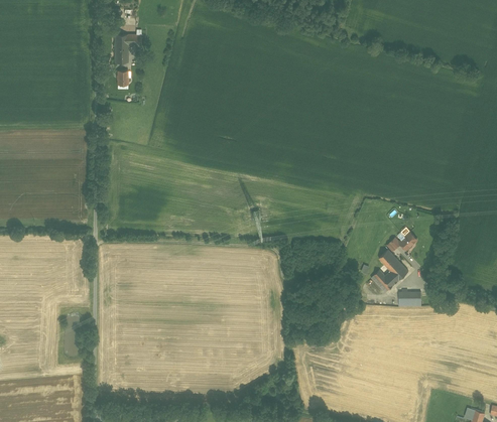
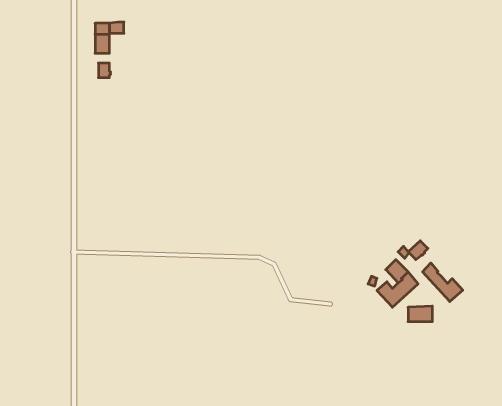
building: none -> [423,263,463,302]

